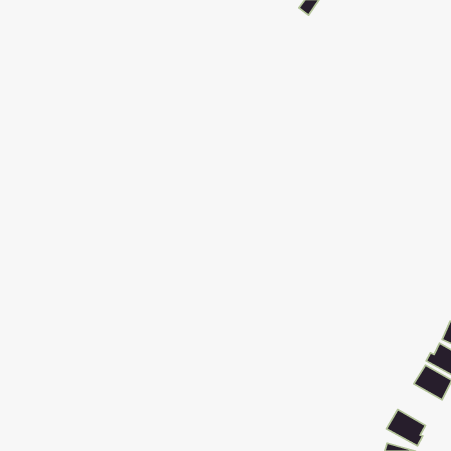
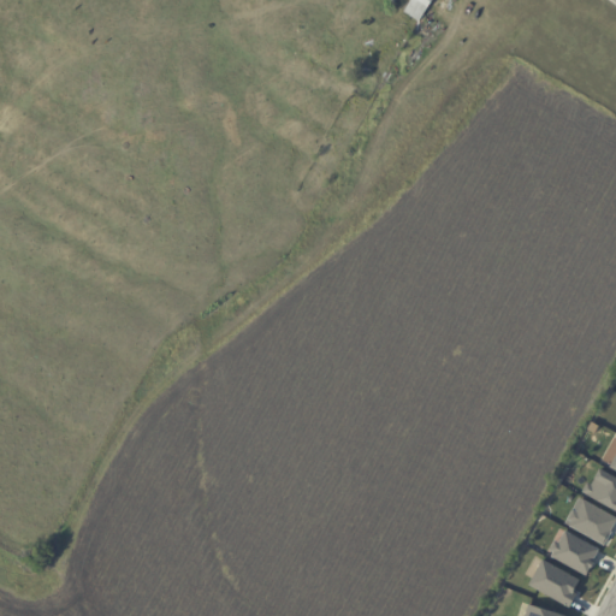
building: none -> [549,528,600,575]

